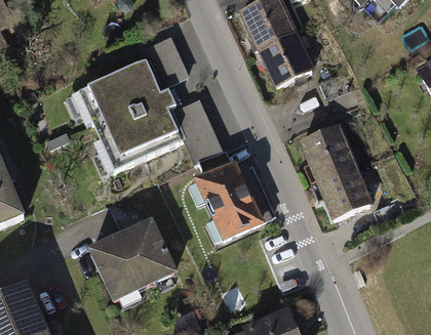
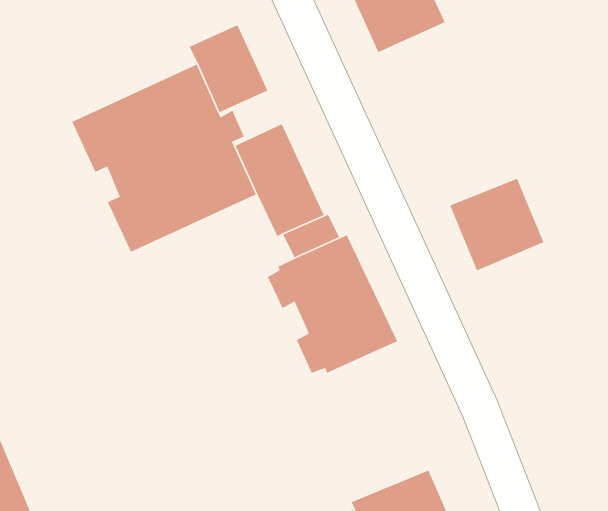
building: [256,33,315,90] -> none
building: [315,165,374,222] -> none
building: [87,217,177,299] -> none

